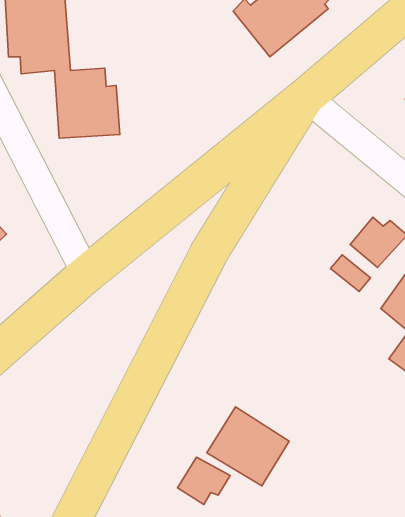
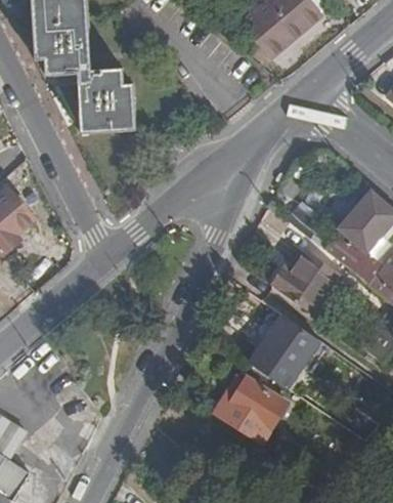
building: none -> [270,247,339,312]
building: none -> [248,315,317,385]
building: [177,457,230,504] -> none

